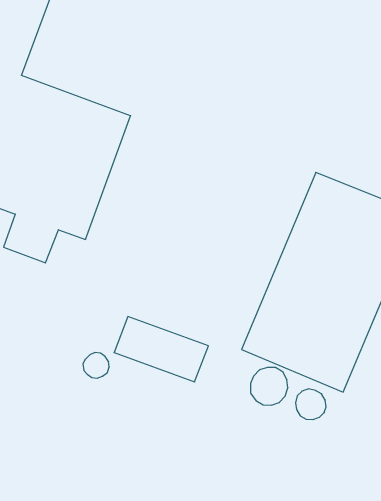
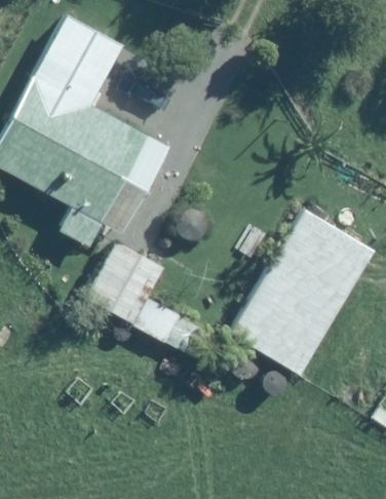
building: none -> [83,241,161,322]

